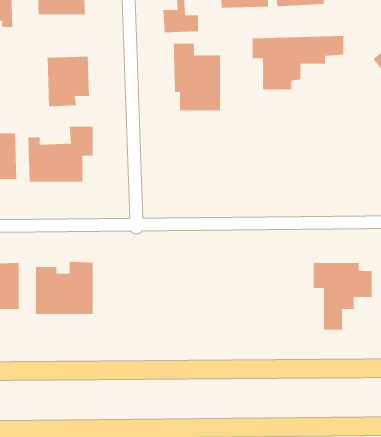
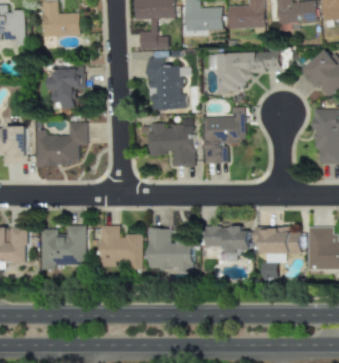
building: none -> [202,106,245,163]
building: none -> [141,122,193,166]
building: none -> [101,225,143,269]
building: none -> [205,227,250,260]
building: none -> [148,228,193,270]

